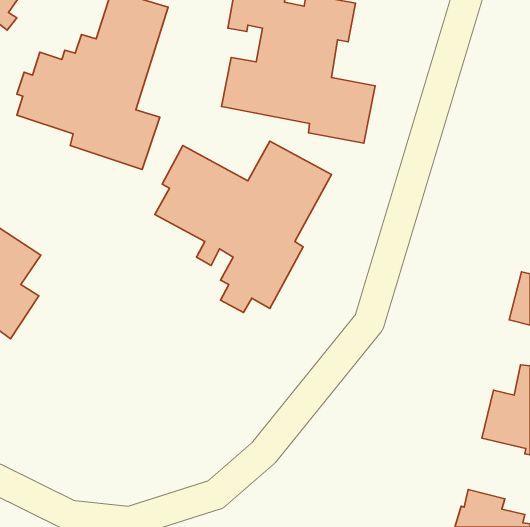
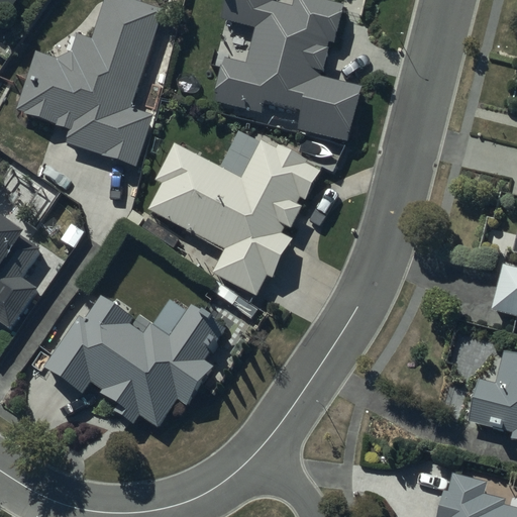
building: none -> [44,293,220,423]

